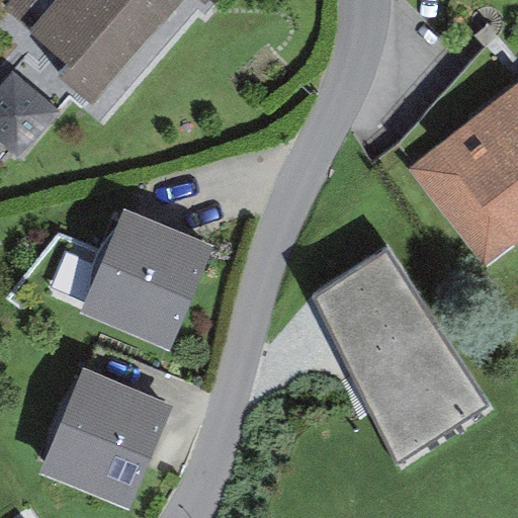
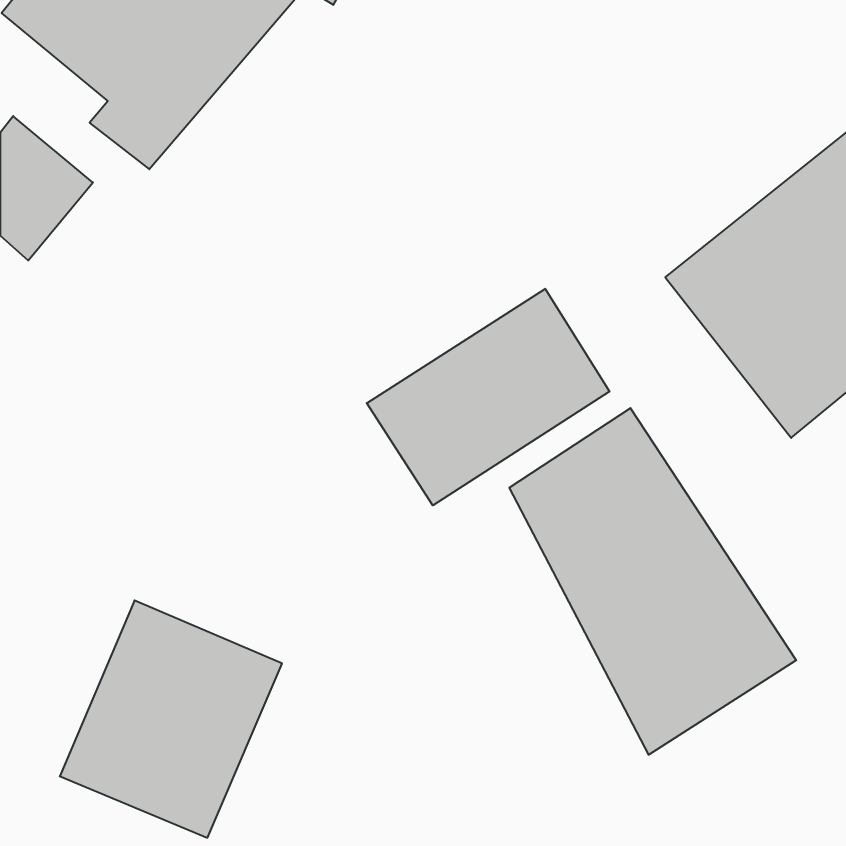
building: none -> [367,289,609,505]
building: [78,207,213,351] -> none

